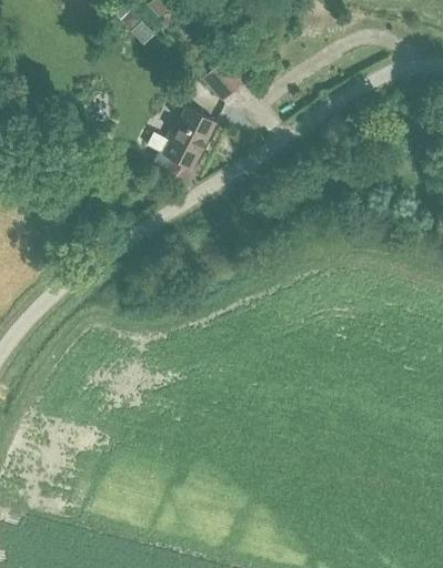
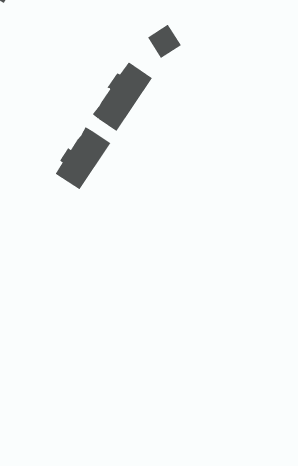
building: none -> [55,126,111,190]

